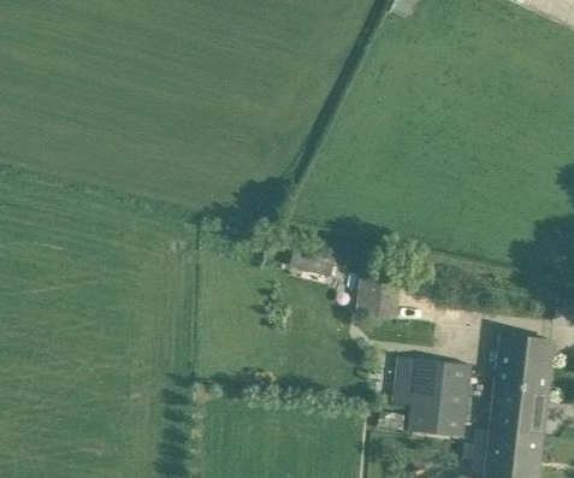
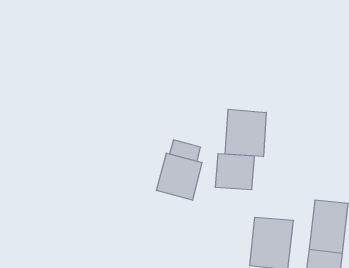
building: none -> [225,109,266,157]
building: none -> [156,153,202,200]

